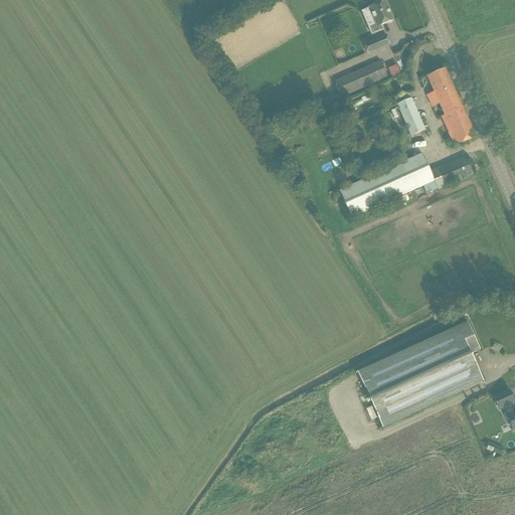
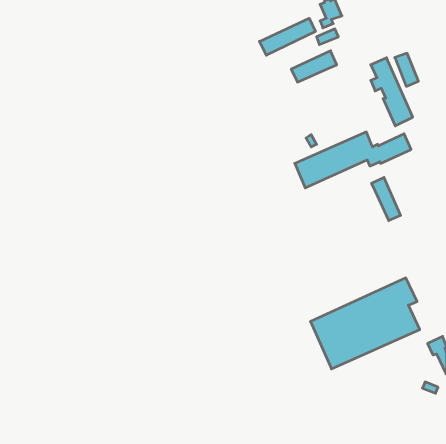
building: none -> [259,18,315,55]
building: [397,97,424,135] -> [395,53,418,86]
building: none -> [372,177,401,221]

